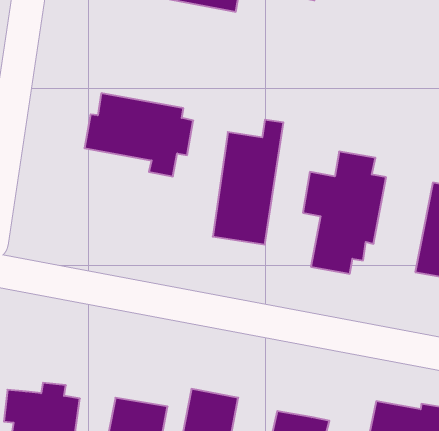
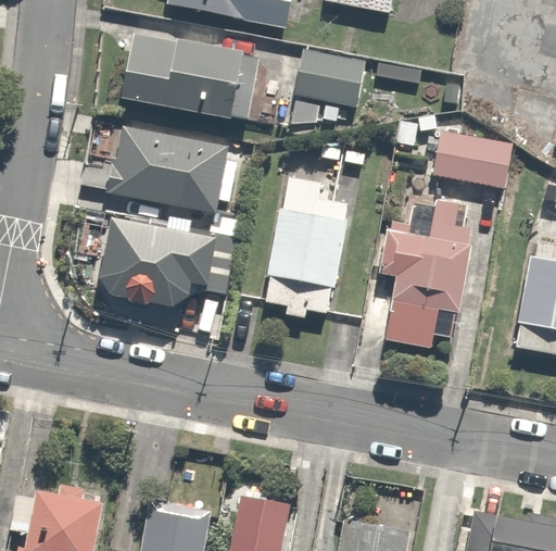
building: none -> [117,32,261,123]
building: none -> [288,43,367,133]
building: none -> [430,129,513,189]
building: none -> [104,225,237,327]

